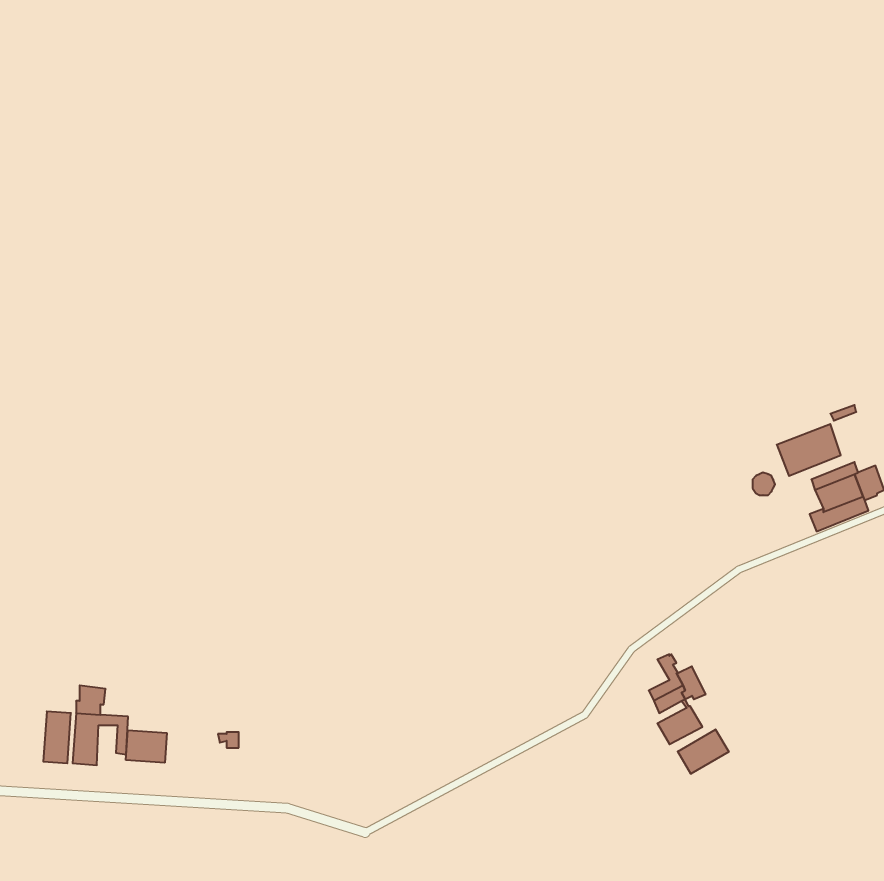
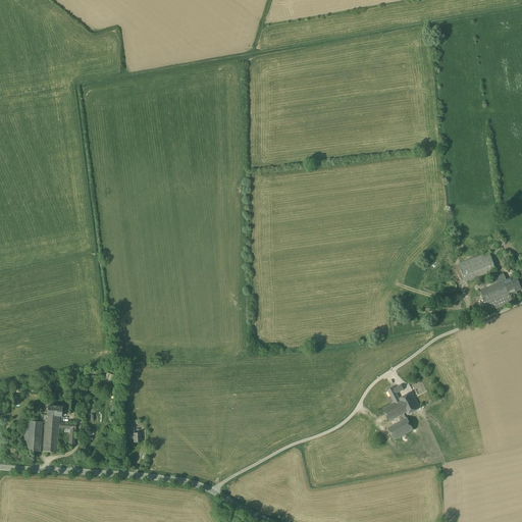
building: [678,729,729,774] -> none
building: [126,730,167,763] -> none

